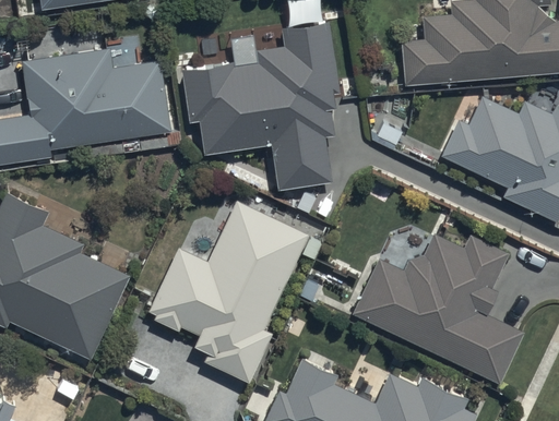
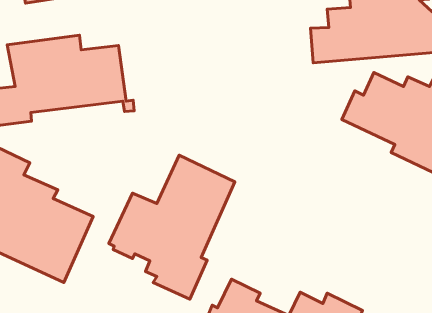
building: [182,20,341,189] -> none
building: [353,234,524,384] -> none

